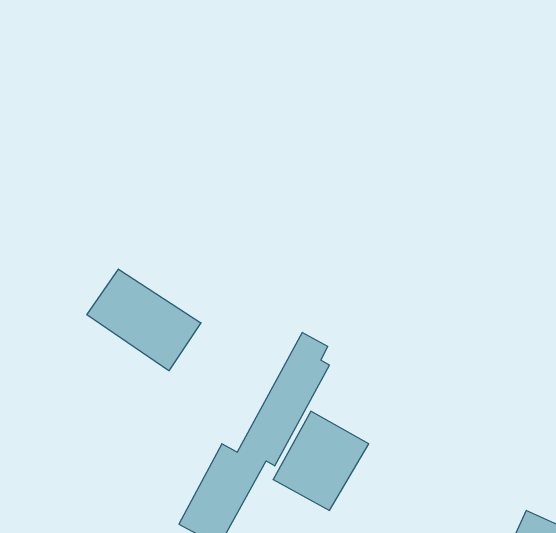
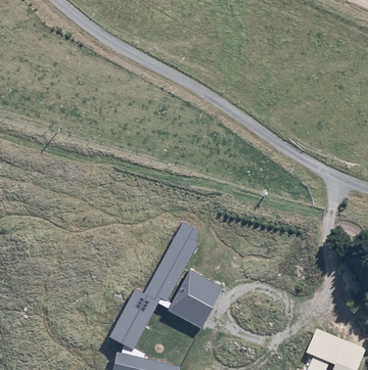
building: [87,269,201,371] -> none

